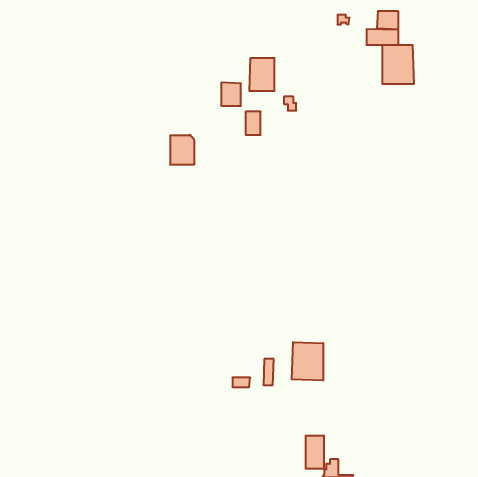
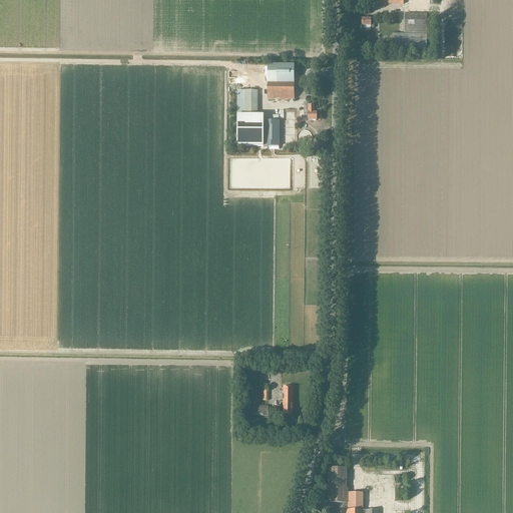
building: [382,45,414,84] -> none
building: [170,135,194,165] -> [236,112,263,144]
building: [292,342,323,381] -> none

